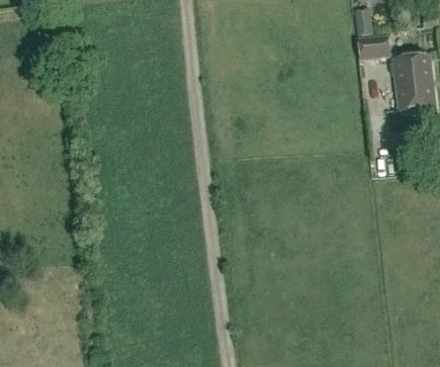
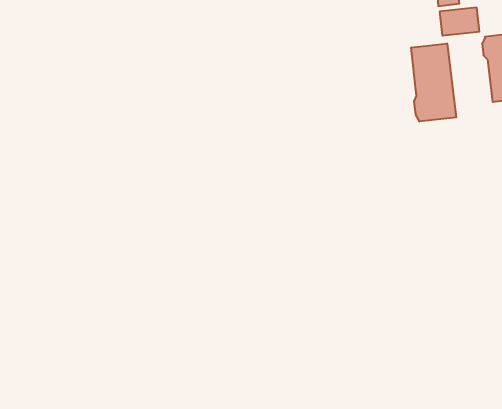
building: none -> [411,43,456,122]

